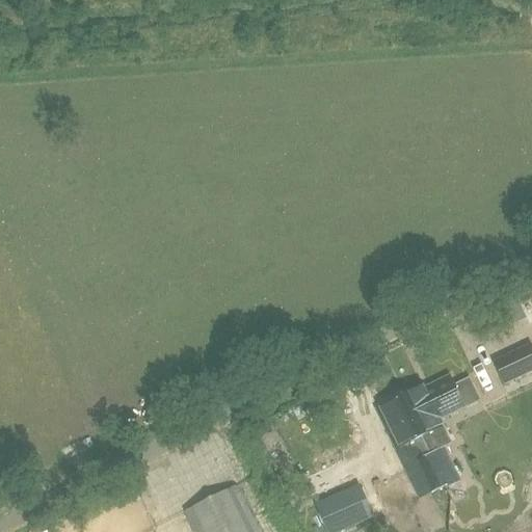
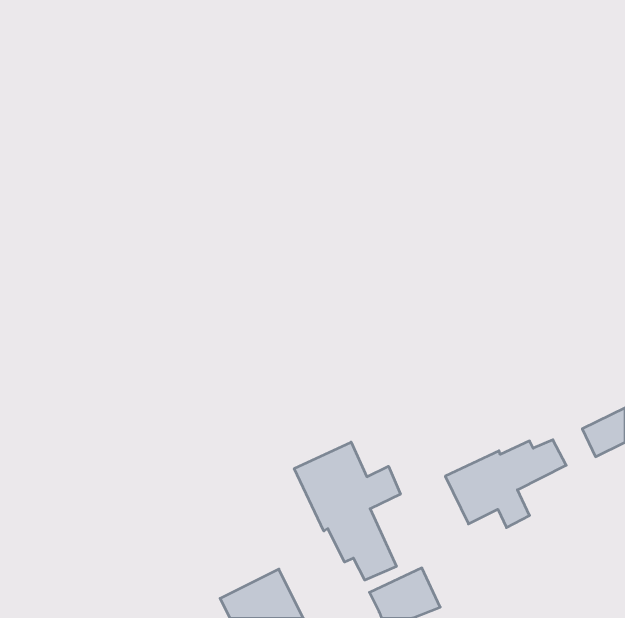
building: none -> [294,442,400,580]
building: [416,452,446,489] -> none

